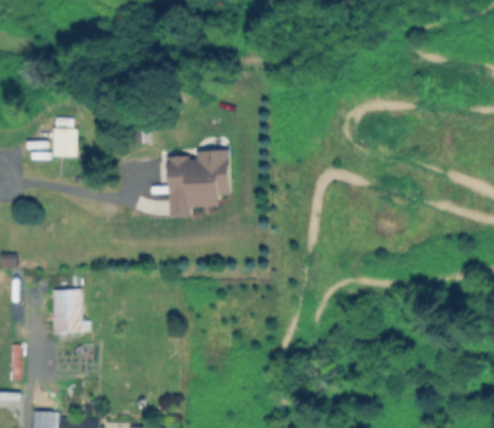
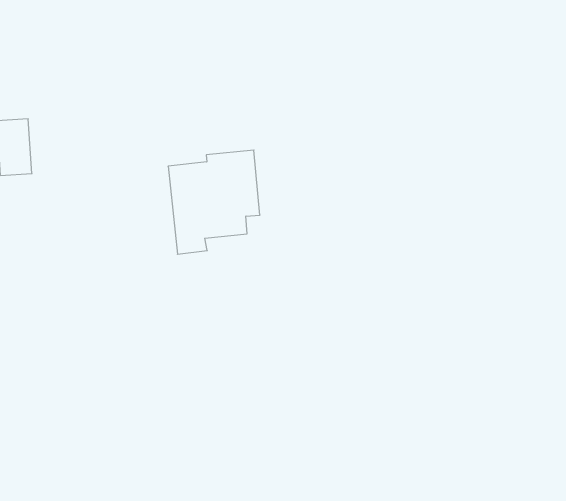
building: [51,290,89,333] -> none

